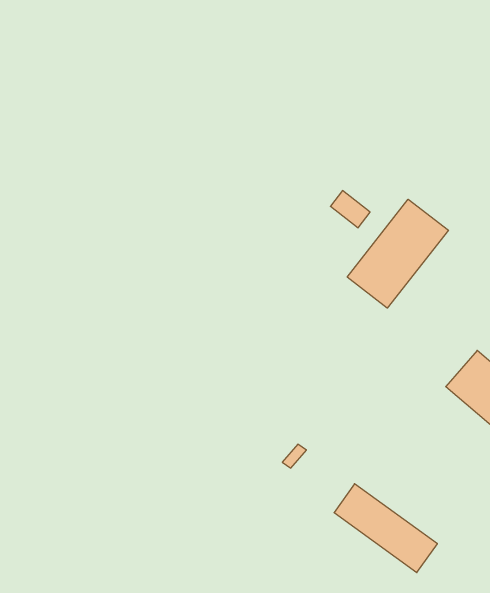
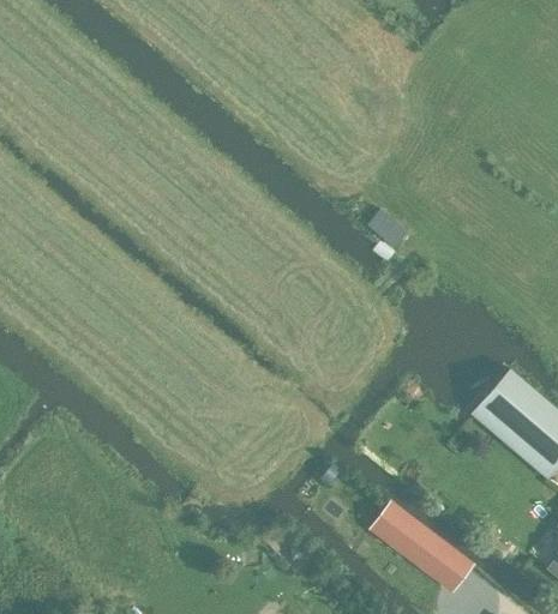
building: [347,199,448,308] -> none

